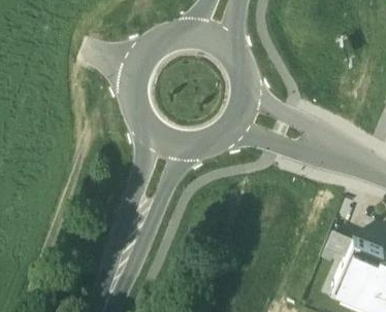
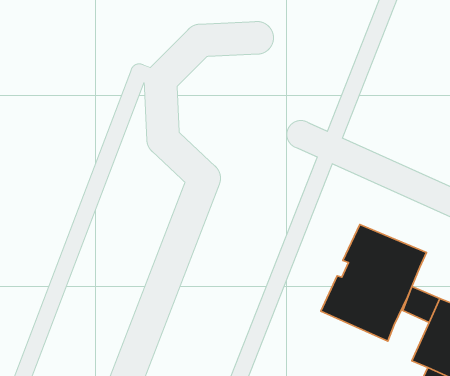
building: none -> [321,224,427,341]

